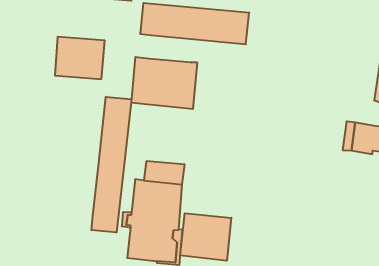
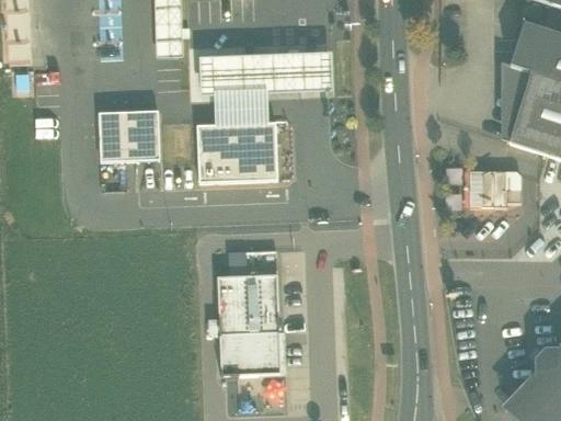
building: none -> [214,92,267,124]
building: [92,97,131,233] -> none
building: [180,213,231,261] -> none

